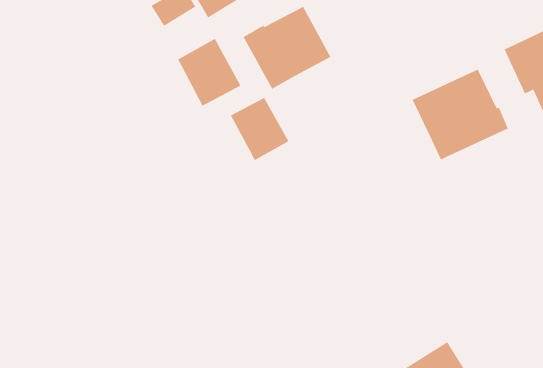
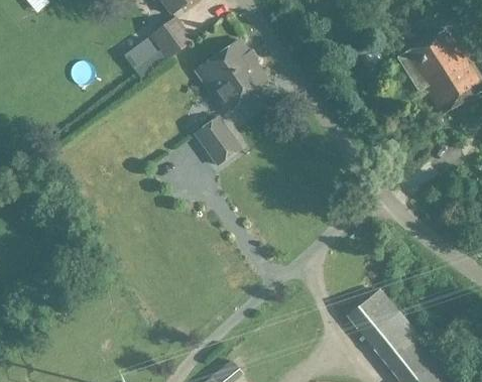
building: [177,38,241,107] -> none
building: [412,69,509,161] -> none

